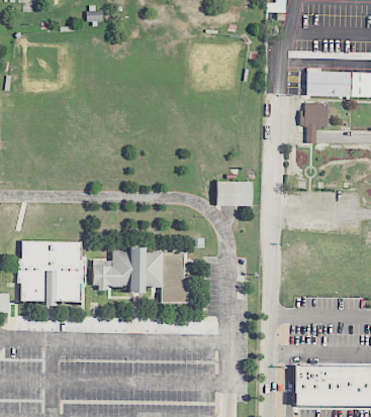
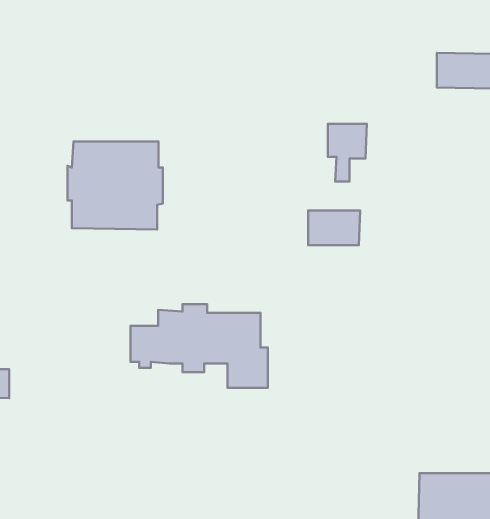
building: [301,102,329,142] -> [328,124,367,182]
building: [18,240,85,302] -> [68,141,163,229]

